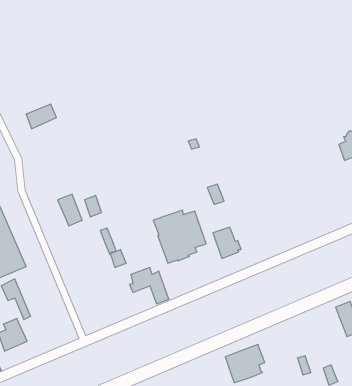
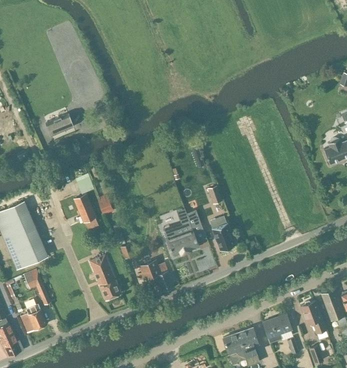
building: none -> [90,256,121,301]
building: none -> [300,301,326,334]
building: none -> [263,314,292,341]

